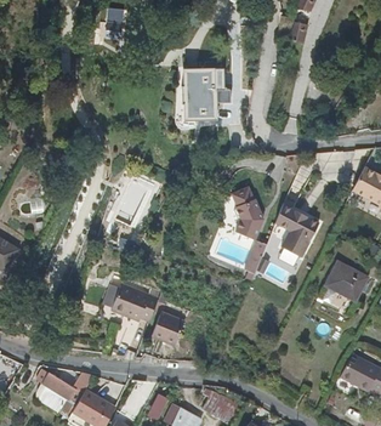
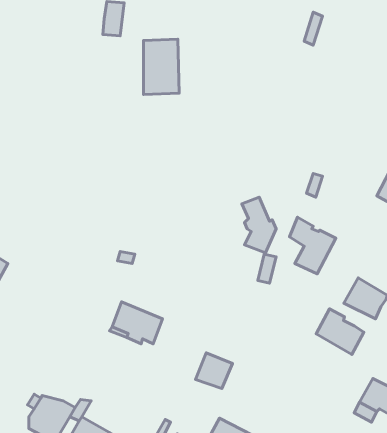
building: [183,68,216,119] -> [143,39,179,95]
building: none -> [316,309,364,355]
building: [153,313,187,346] -> [195,353,233,389]

